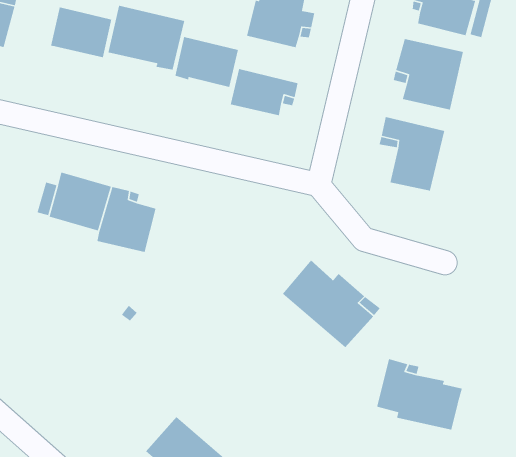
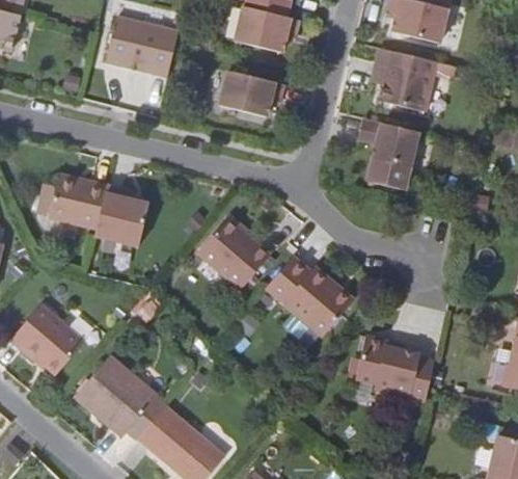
building: [50,6,112,58] -> none
building: [174,36,239,88] -> none
building: none -> [196,218,271,290]
building: none -> [11,297,88,371]
building: none -> [79,352,167,434]

